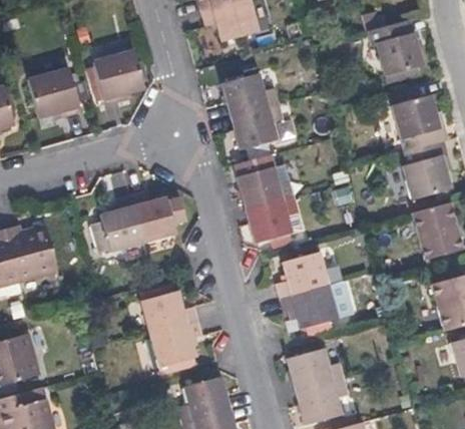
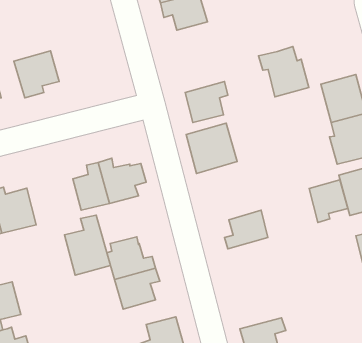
building: [365,19,424,78] -> [259,46,309,97]
building: [97,48,147,102] -> none
building: [222,73,278,114] -> none
building: [245,195,302,247] -> none
building: none -> [309,180,348,222]
building: none -> [64,215,110,275]
building: [282,285,339,329] -> none
building: [288,351,345,392] -> none

